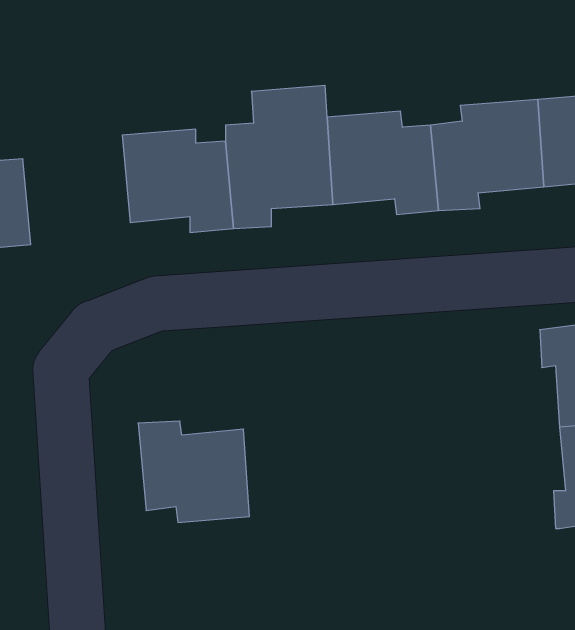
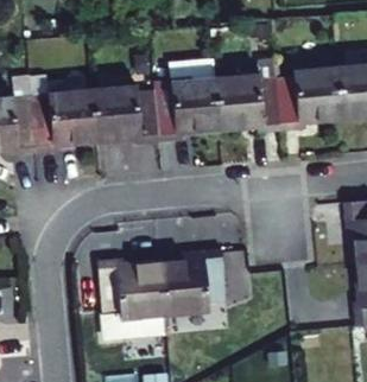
building: none -> [32,85,96,151]
building: none -> [164,248,229,313]

